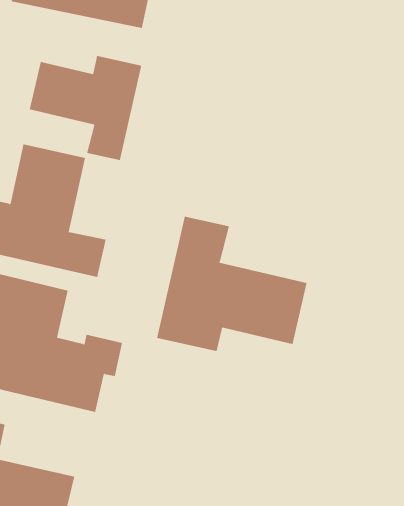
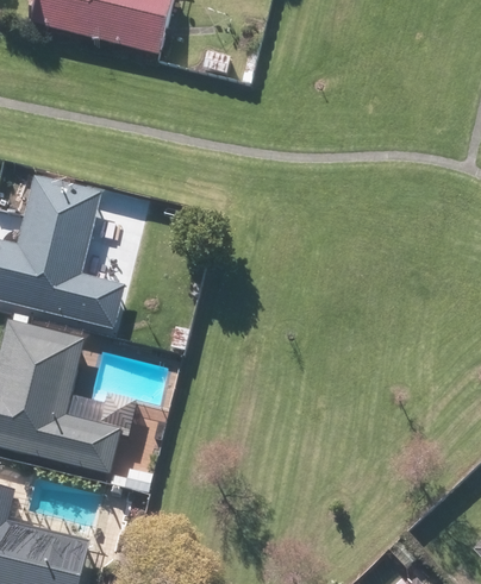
building: [29,55,142,161] -> none
building: [156,216,307,352] -> none

